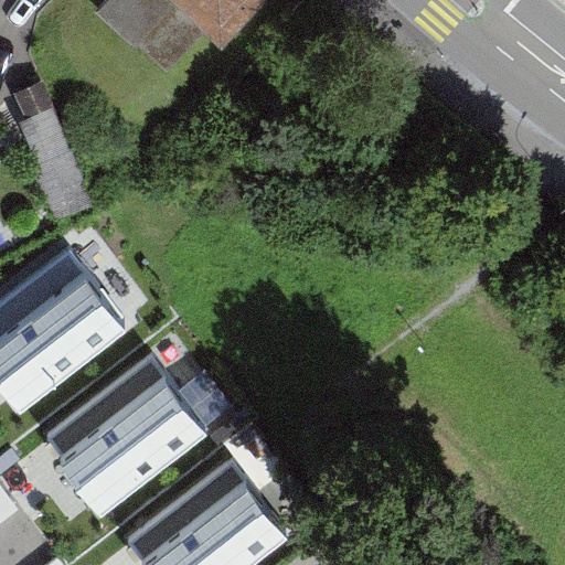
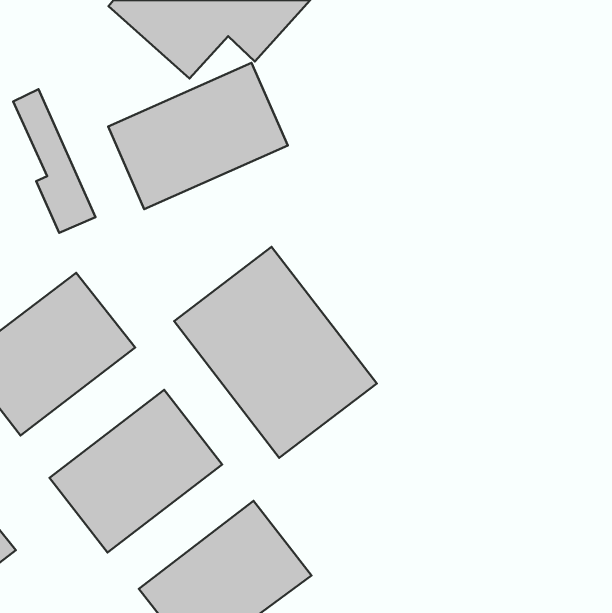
building: none -> [108,63,288,209]
building: none -> [174,247,377,458]

